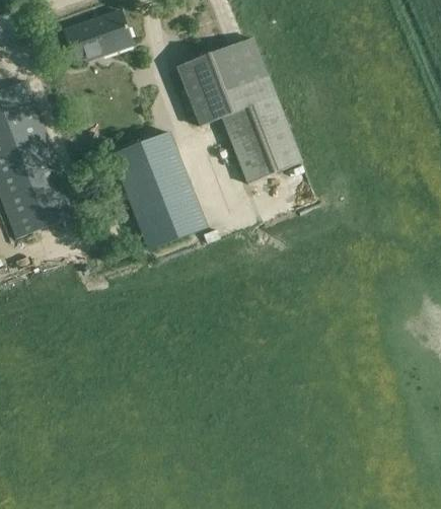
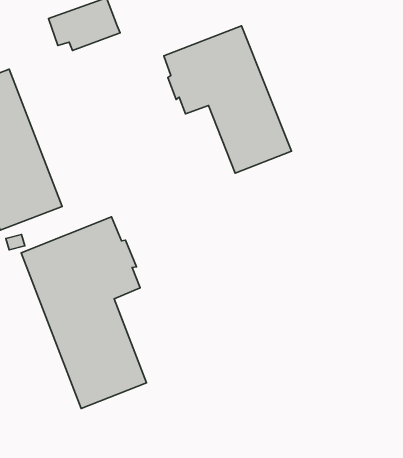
building: [111,130,208,249] -> none
building: none -> [21,217,146,408]

